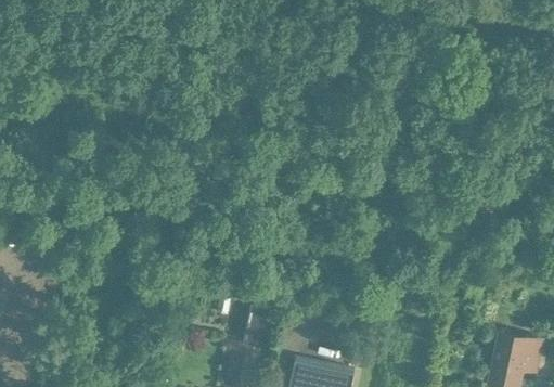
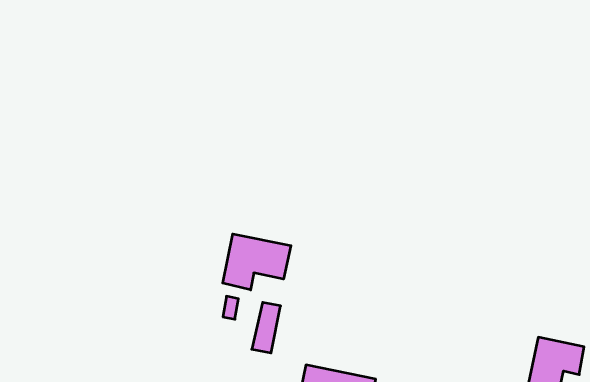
building: none -> [223,234,291,290]

